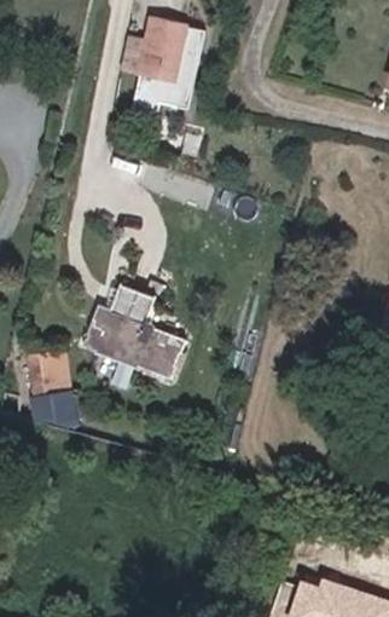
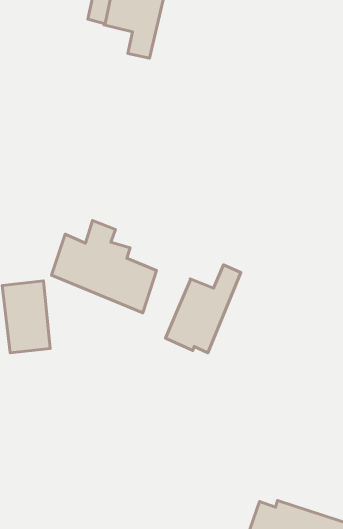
building: none -> [166,265,241,353]

